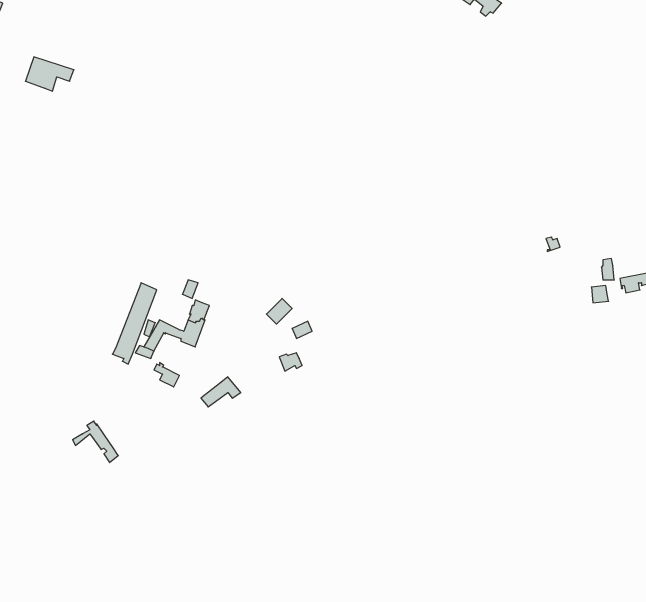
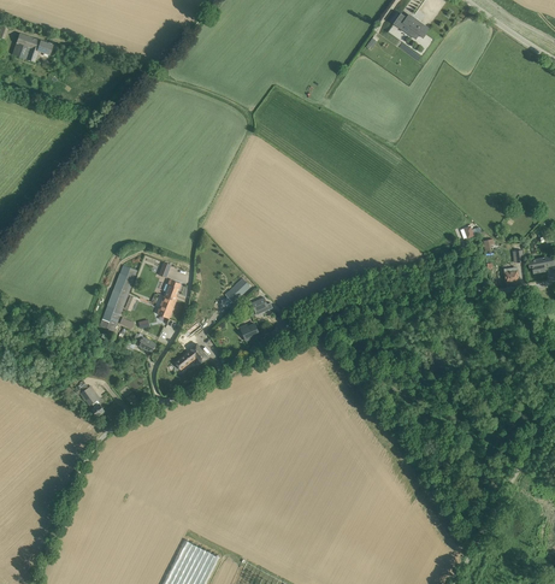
building: [25,57,74,91] -> [12,34,53,63]

